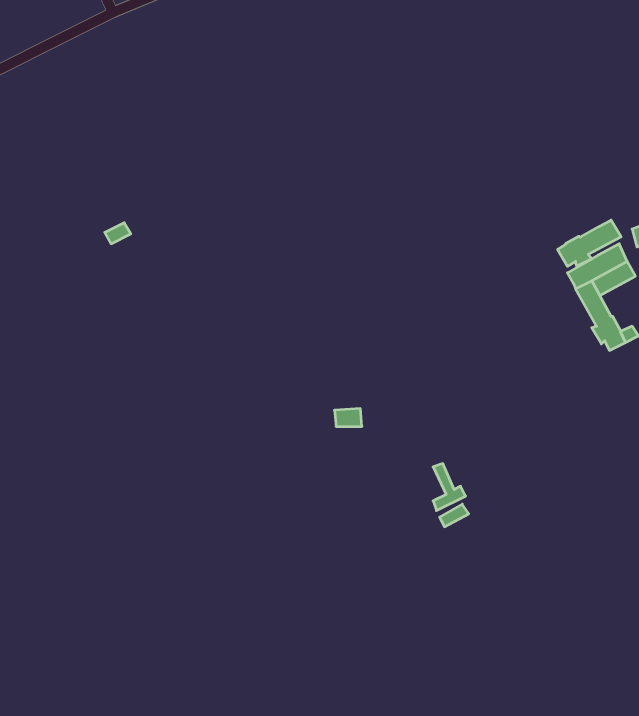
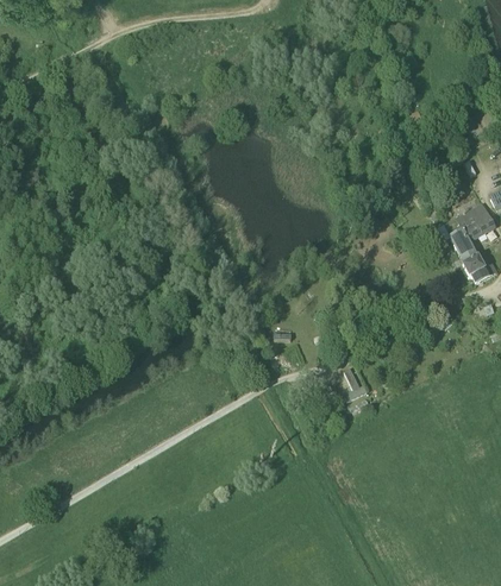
building: [558,220,621,266] -> none

